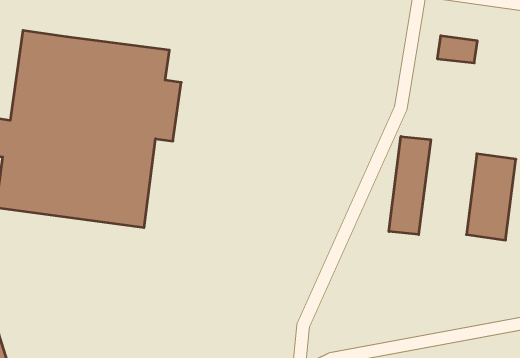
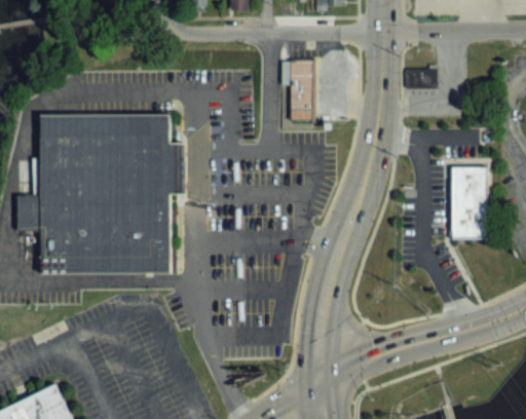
building: none -> [283,58,315,121]
building: [389,136,431,235] -> none

